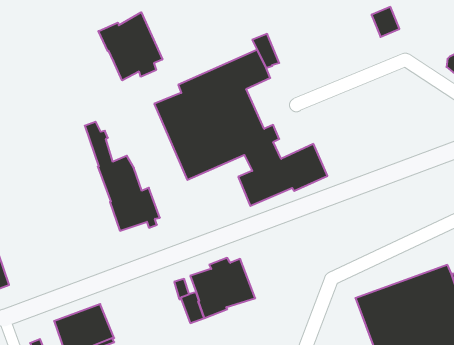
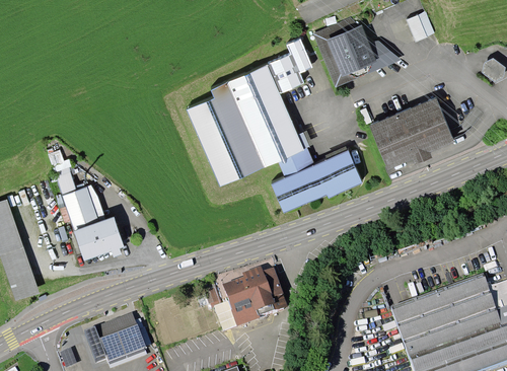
building: [98,12,162,80] -> none
building: none -> [312,17,401,87]
building: none -> [369,98,454,170]
building: [85,122,160,231] -> [48,150,124,261]

